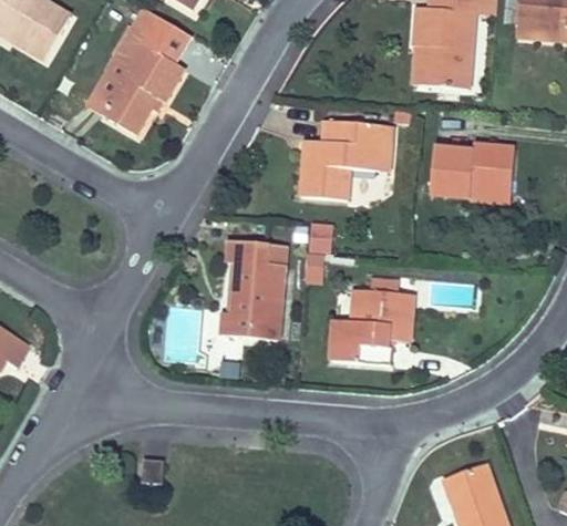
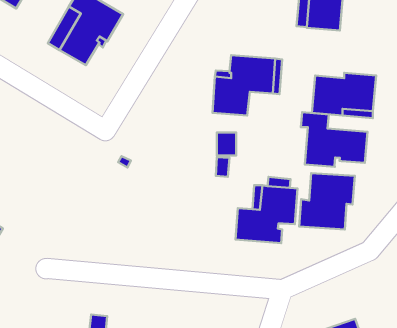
building: none -> [301,112,367,167]
building: [221,240,286,339] -> none
building: none -> [299,173,355,230]

